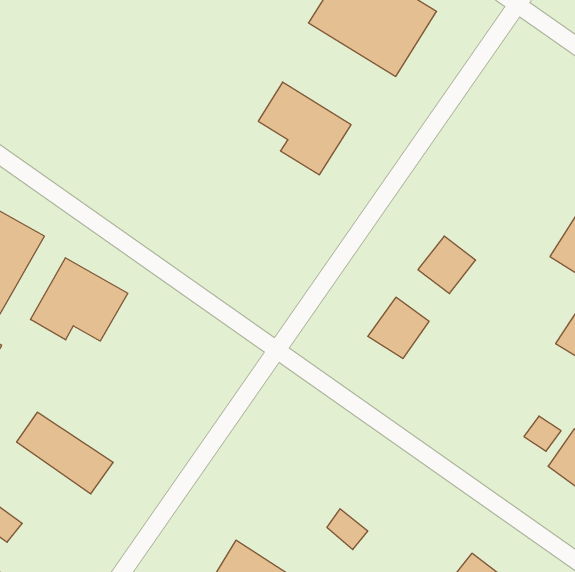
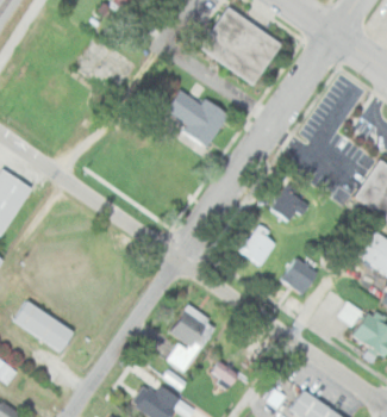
building: [30,258,128,341] -> none
building: none -> [281,256,319,294]
building: none -> [166,305,216,372]

